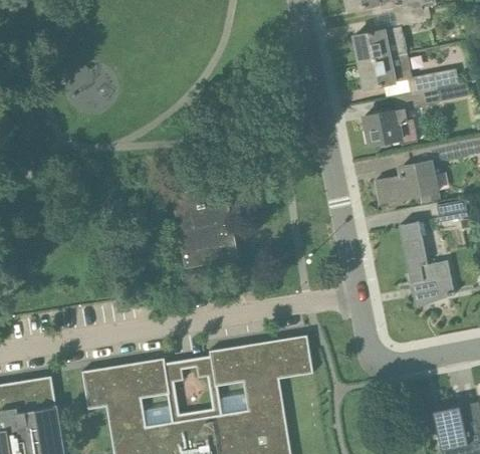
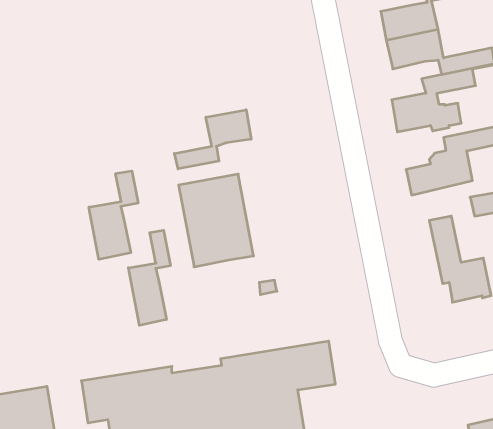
building: none -> [174,110,251,169]
building: none -> [89,171,138,259]
building: none -> [128,230,170,325]

